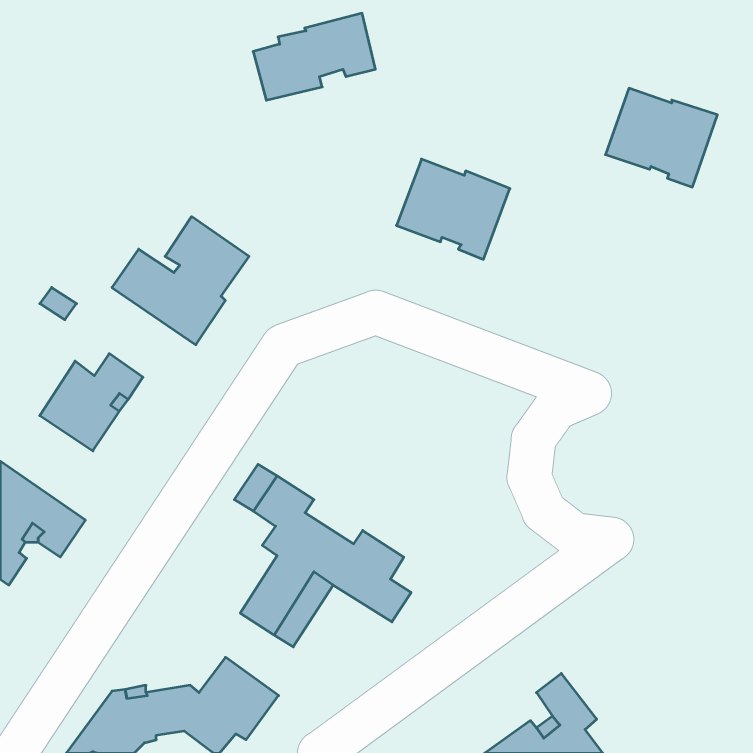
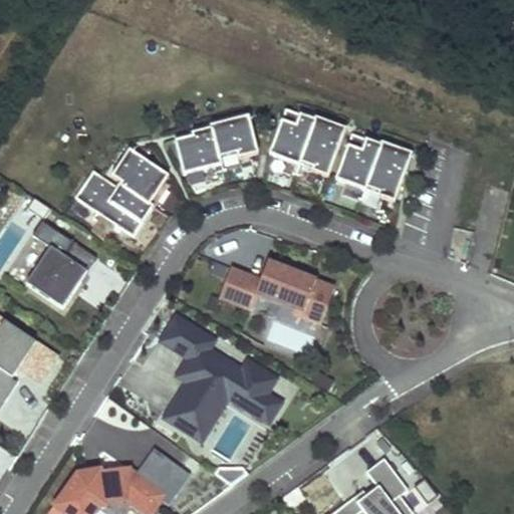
building: [253,13,375,100] -> [176,113,259,173]
building: [605,88,717,187] -> [336,134,413,201]
building: none -> [219,262,334,324]

